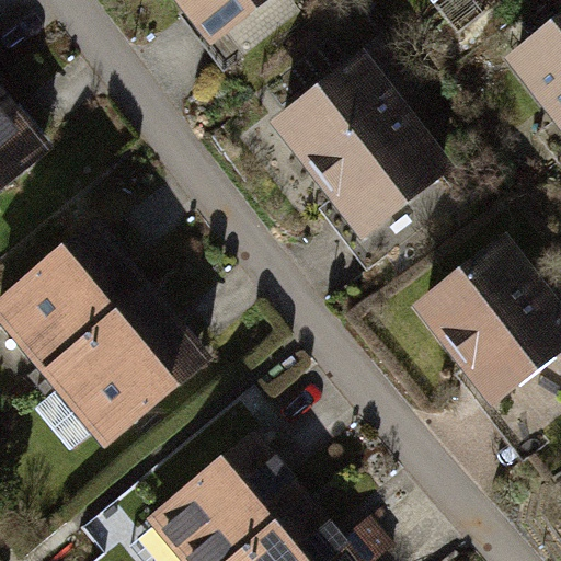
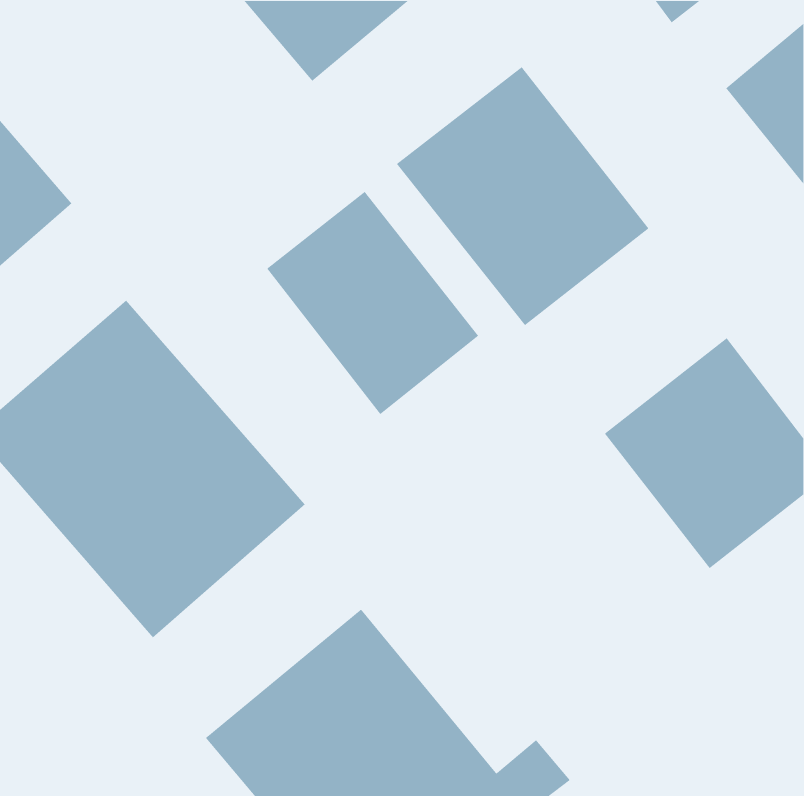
building: none -> [266,191,479,415]

